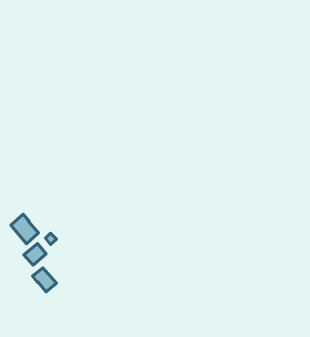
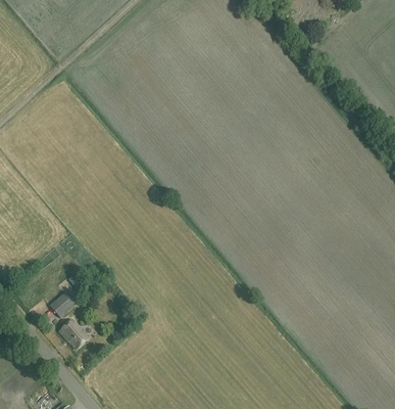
building: [11,214,39,244] -> none

